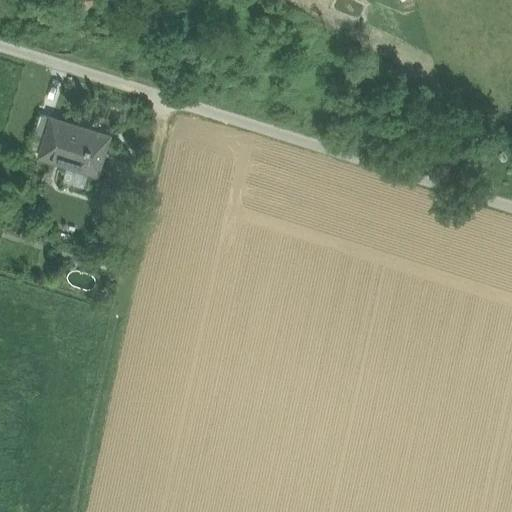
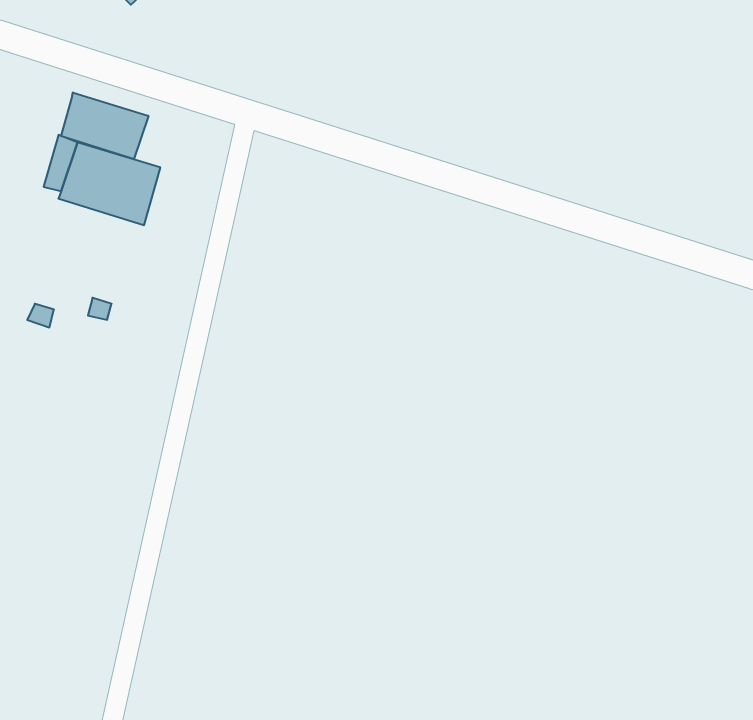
building: none -> [61,92,148,159]

